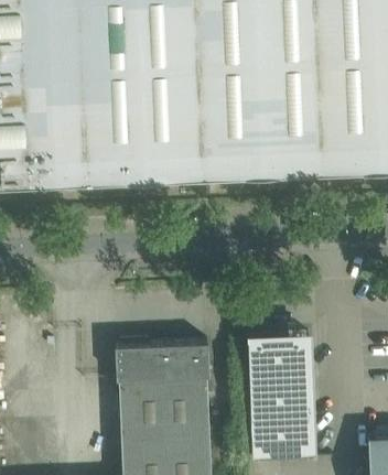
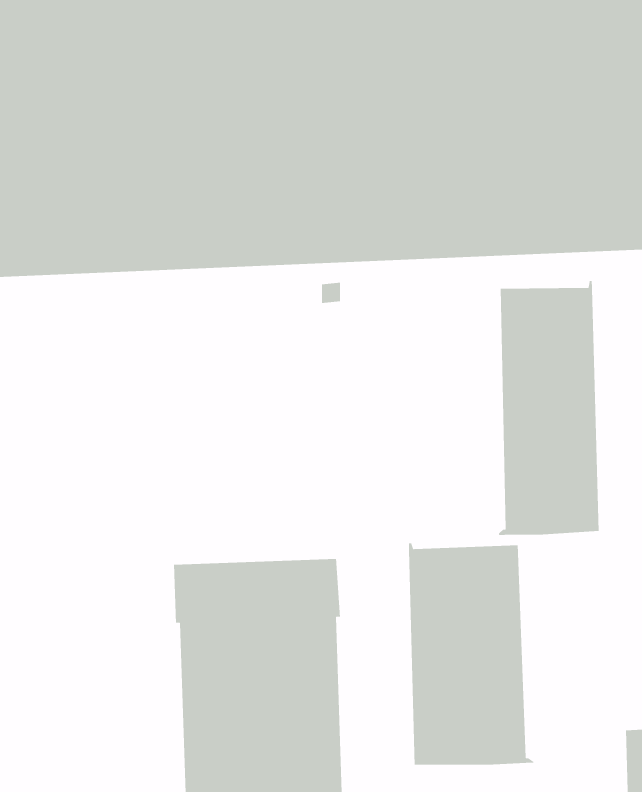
building: none -> [498,280,599,536]

